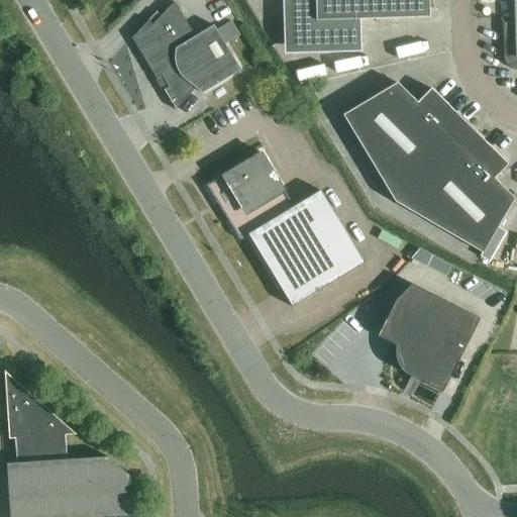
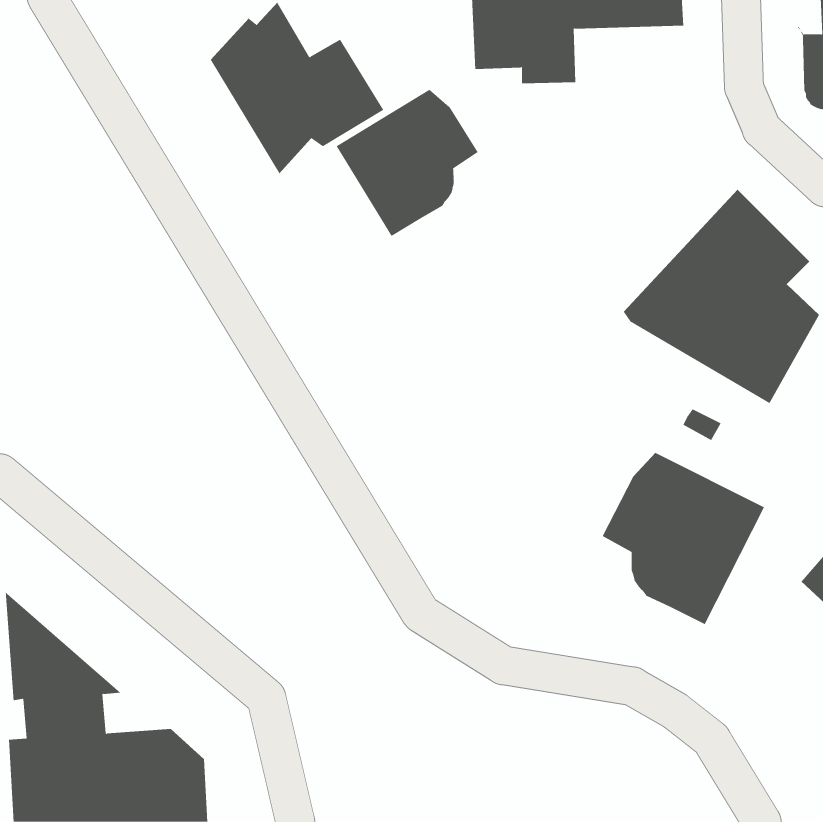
building: none -> [336,89,478,237]
building: [343,82,462,195] -> none
building: [207,151,365,306] -> none

